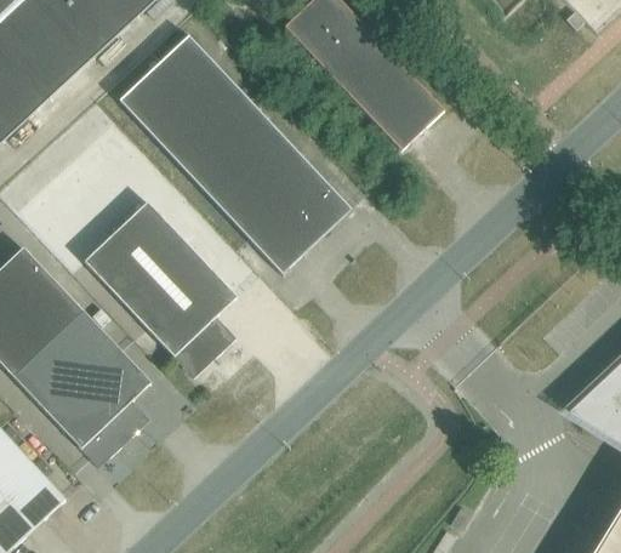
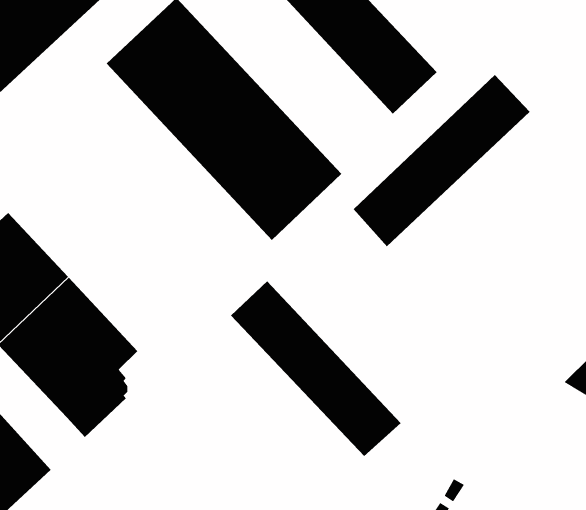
building: none -> [353,74,531,247]
building: [84,200,237,376] -> none
building: none -> [230,280,402,457]

